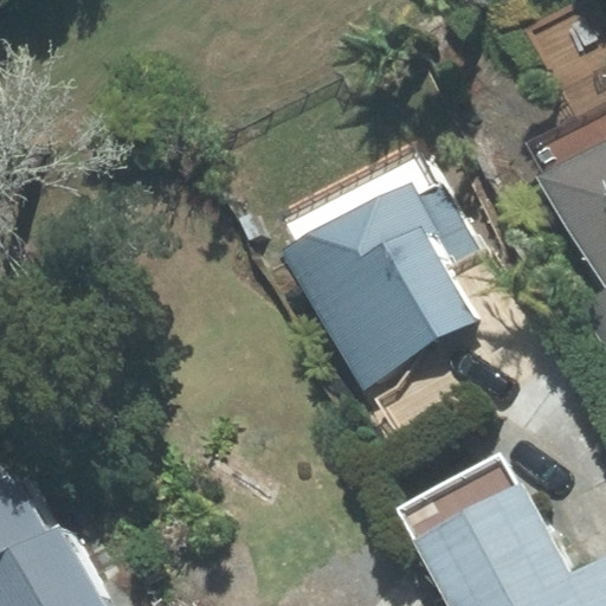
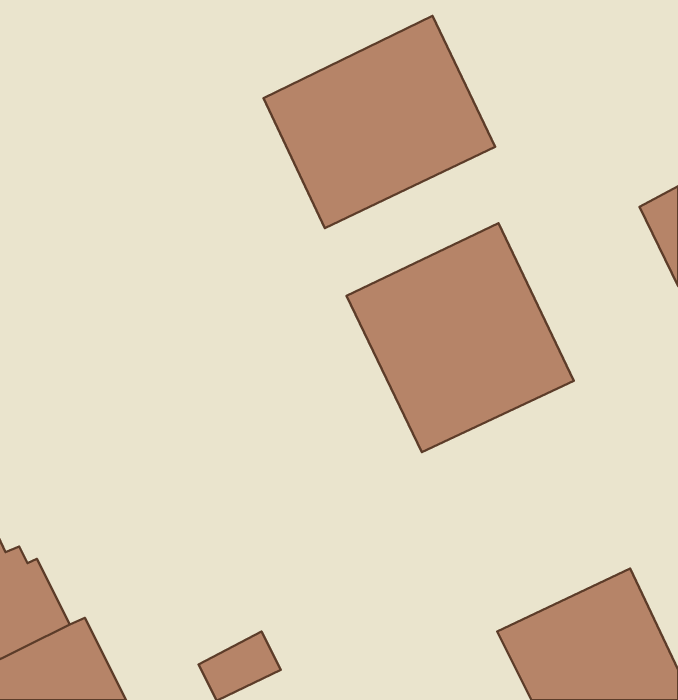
building: none -> [263,16,495,228]

